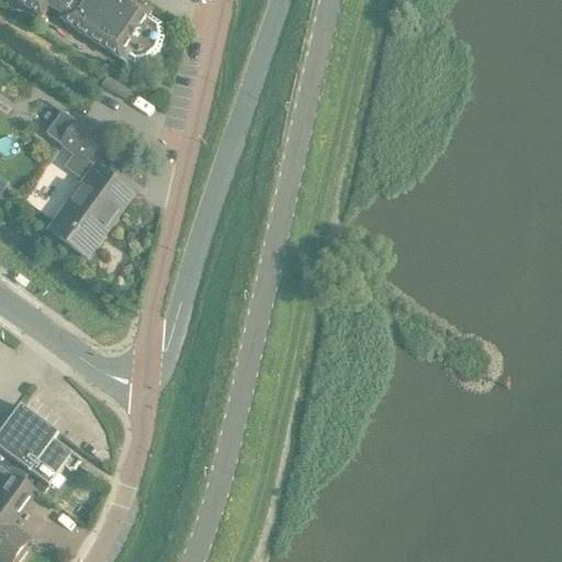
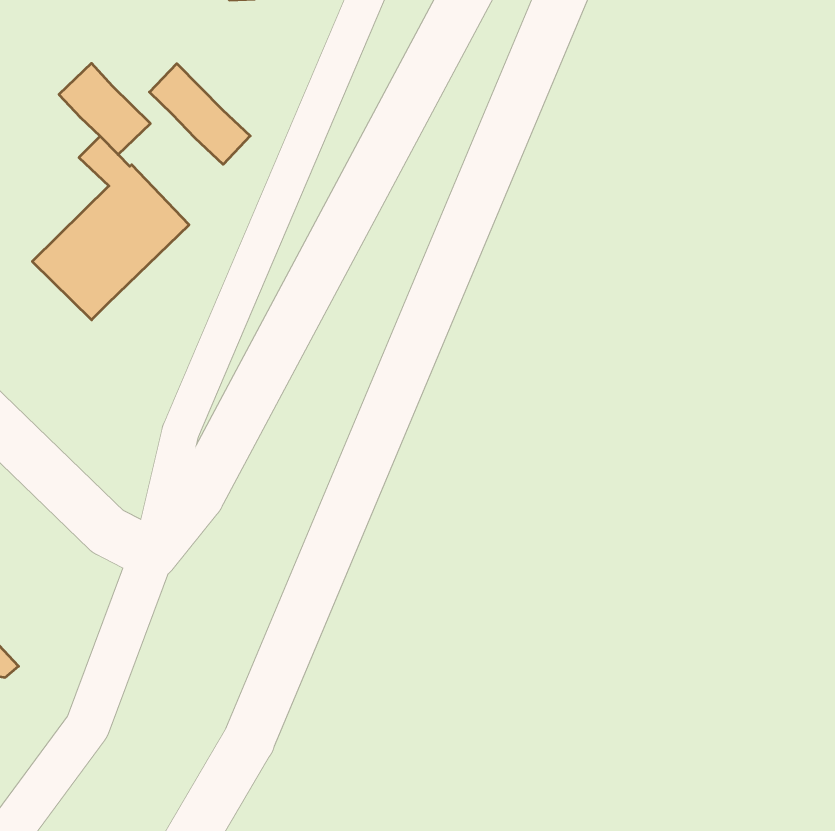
building: none -> [149,64,250,164]

